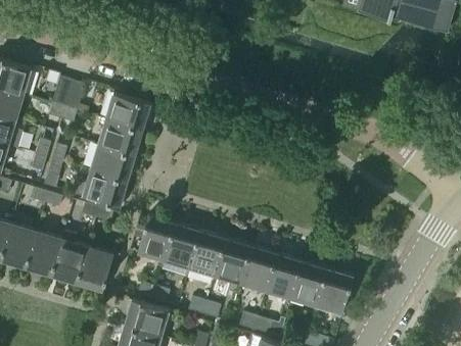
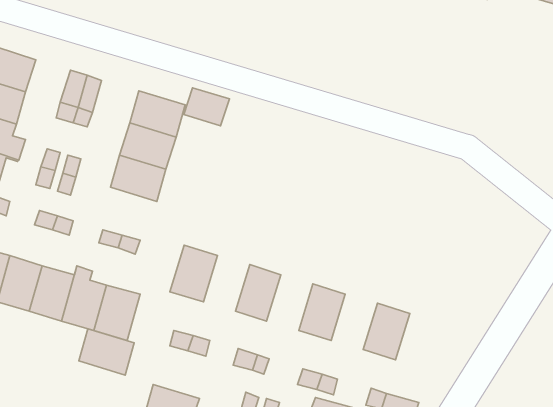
building: none -> [184,88,229,126]
building: [75,170,127,207] -> none
building: [164,225,200,268] -> none
building: [214,240,250,284] -> none
building: [265,255,302,299] -> none
building: [316,270,353,314] -> none
building: [124,301,168,338] -> [79,329,134,375]

